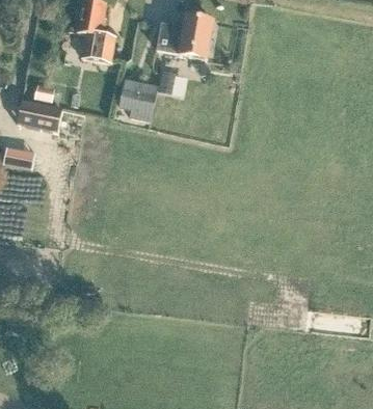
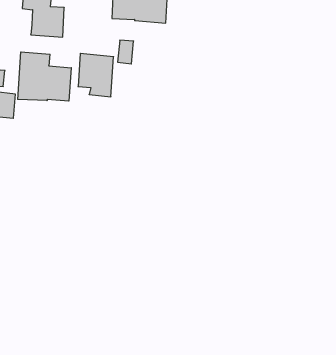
building: none -> [18,52,71,101]

